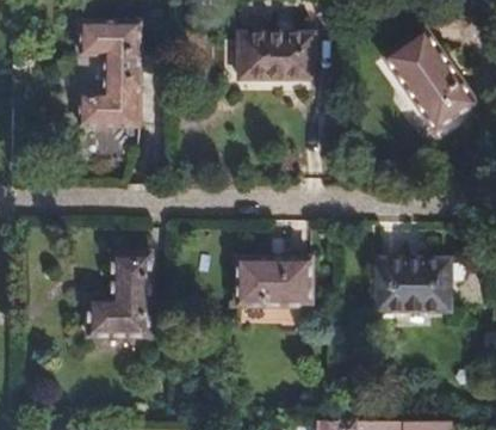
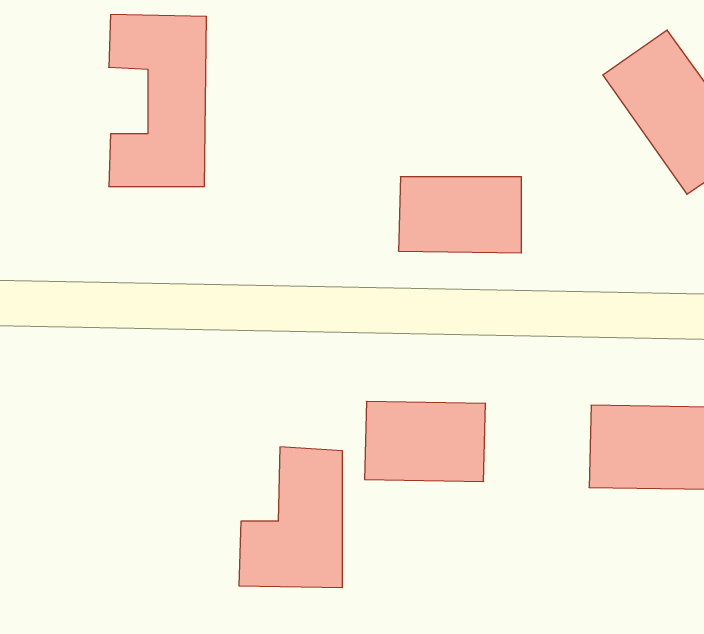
building: [238,35,314,81] -> [398,177,521,253]
building: [89,250,153,336] -> [239,447,342,588]

